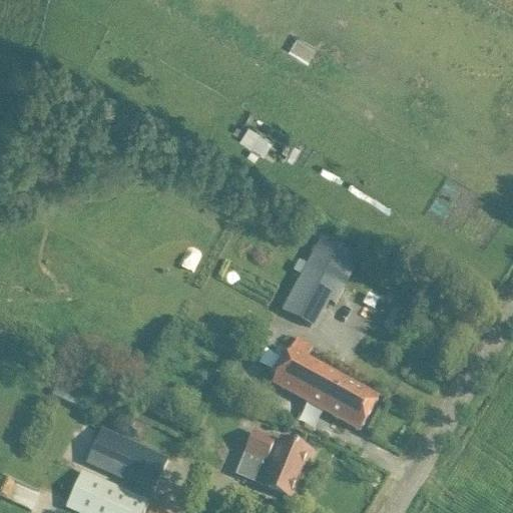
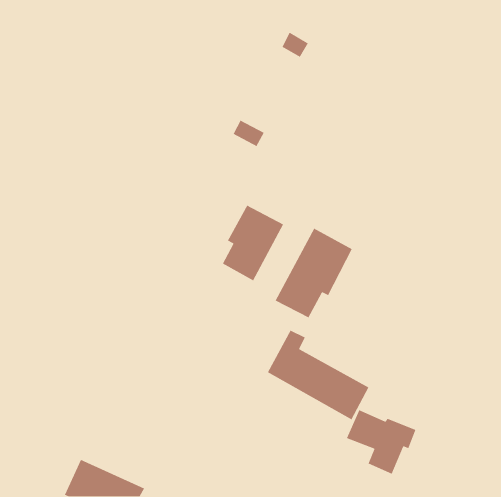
building: none -> [222,205,284,281]
building: [86,426,168,489] -> none
building: [240,428,313,495] -> [346,409,417,475]

